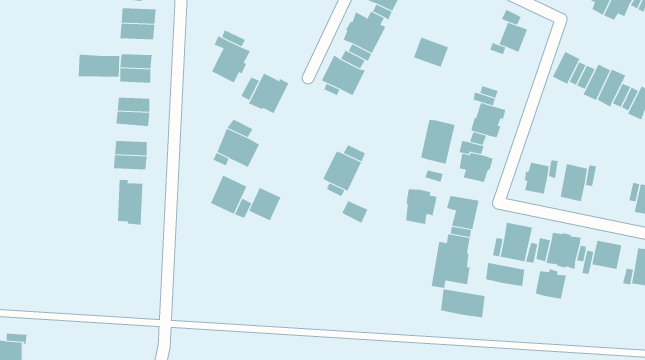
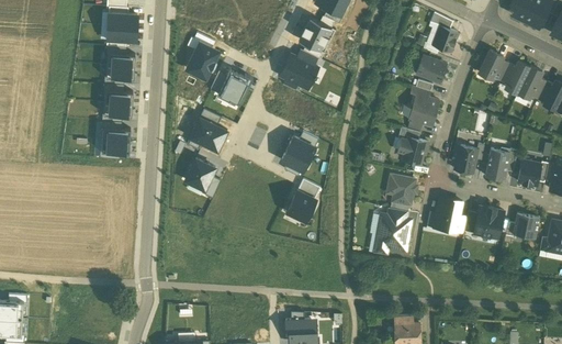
building: [413,37,449,68] -> [415,56,446,82]
building: [78,54,120,78] -> none
building: [421,119,455,165] -> none
building: none -> [516,159,540,186]
building: [117,179,143,225] -> none
building: [249,187,281,221] -> none
building: [405,188,437,225] -> none
building: none -> [286,190,314,221]
building: [486,262,525,287] -> none
building: [535,269,566,300] -> none
building: [440,288,485,318] -> none

